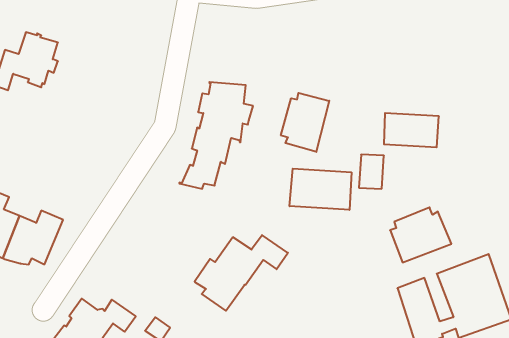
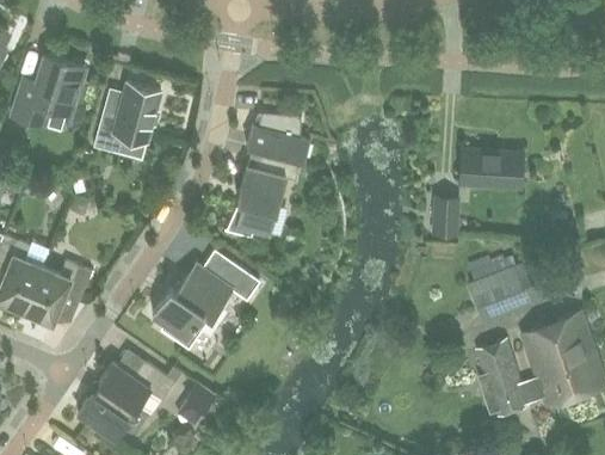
building: none -> [93,82,160,155]
building: [281,93,329,152] -> none
building: [290,169,351,210] -> none
building: [195,235,288,311] -> [152,262,259,349]

